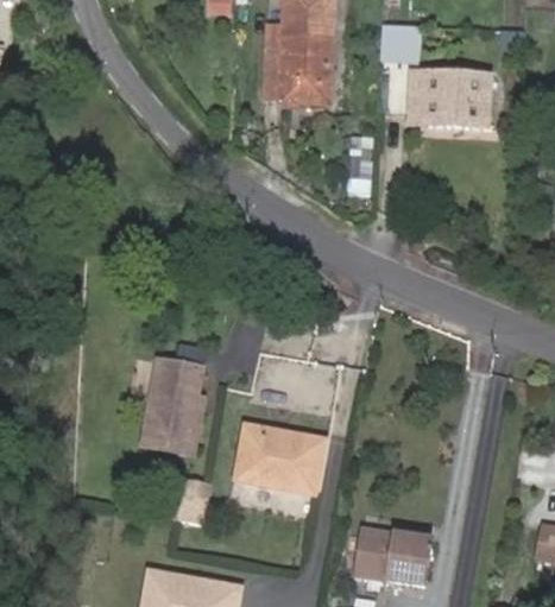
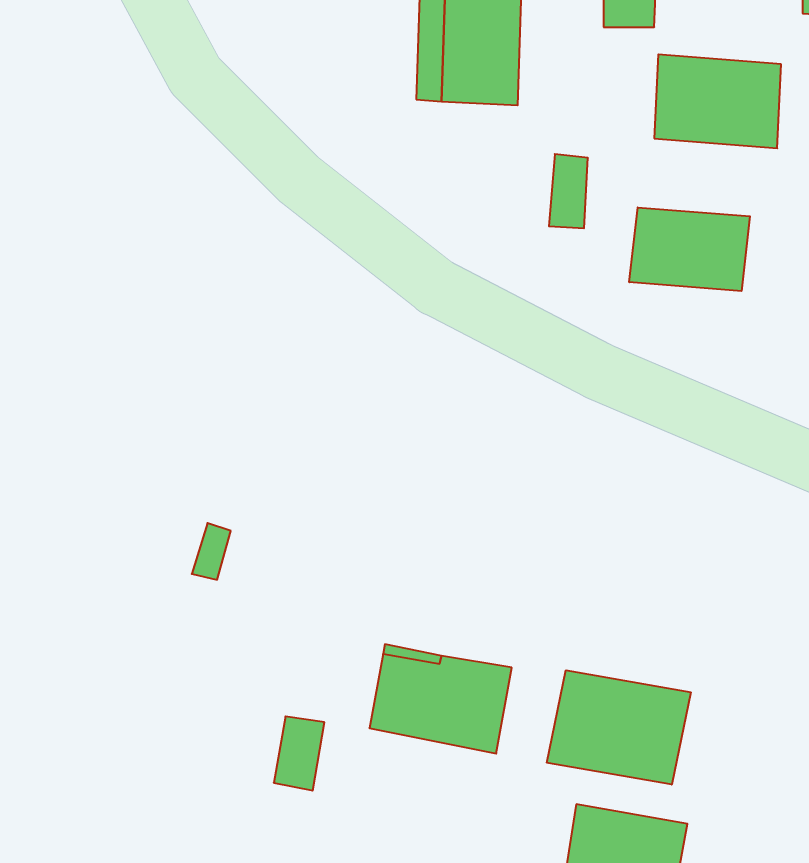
building: none -> [629,207,750,291]
building: [145,362,204,456] -> none
building: none -> [547,670,691,785]

